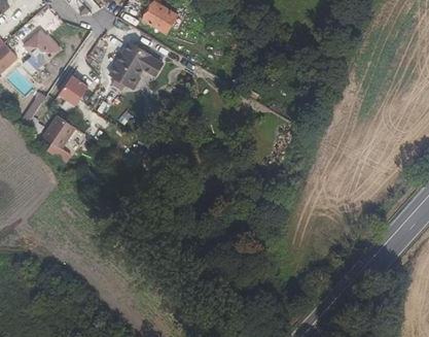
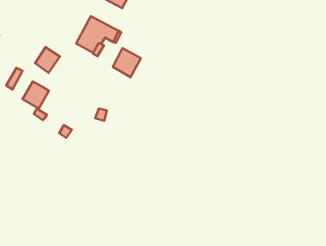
building: [22,32,59,73] -> none
building: none -> [113,48,141,77]

